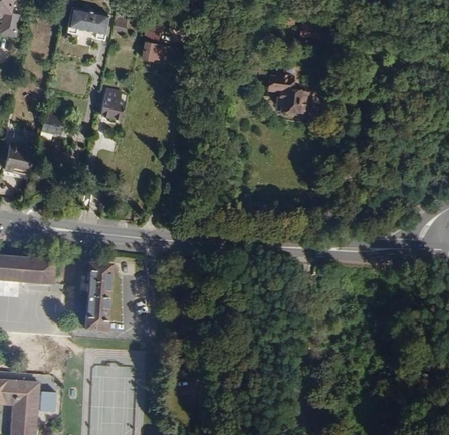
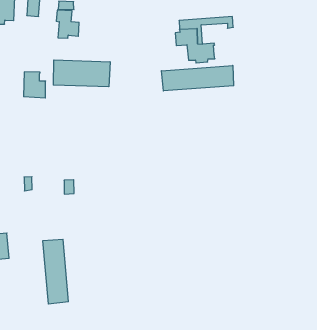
building: none -> [53,60,110,87]
building: none -> [161,65,234,91]

